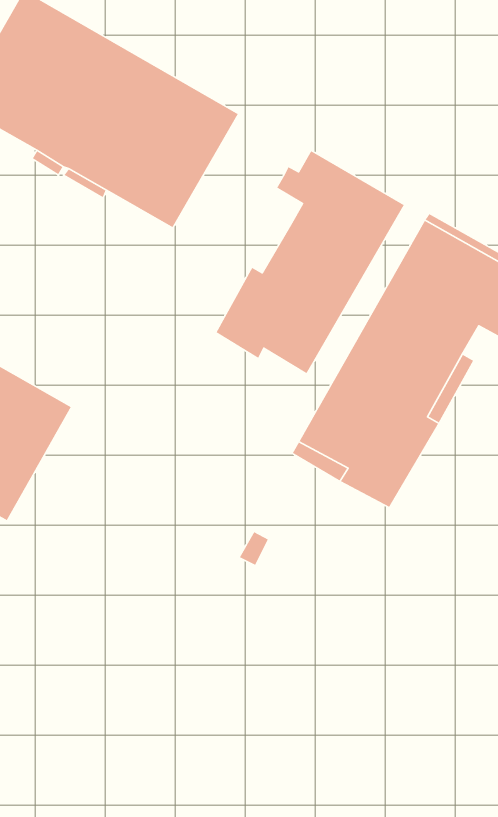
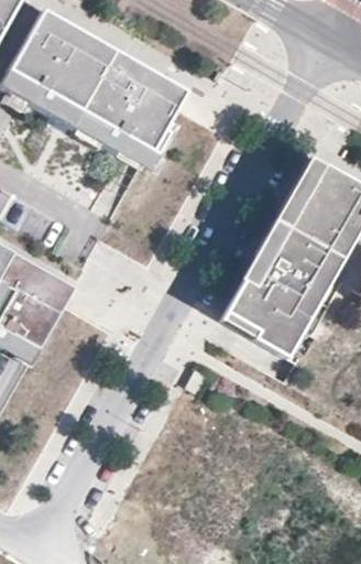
building: [215,150,405,374] -> none

